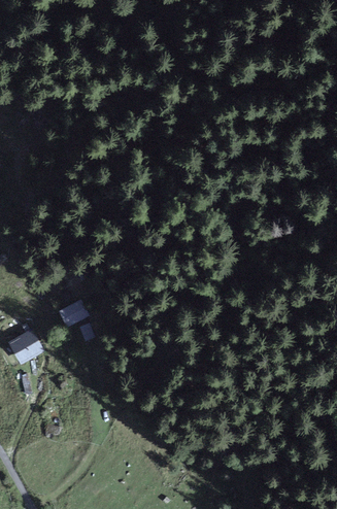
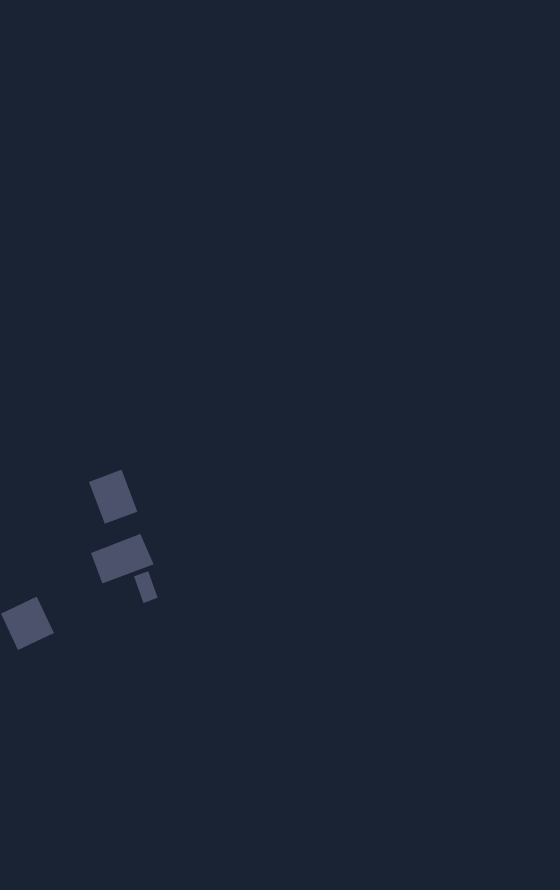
building: none -> [88,469,138,525]

